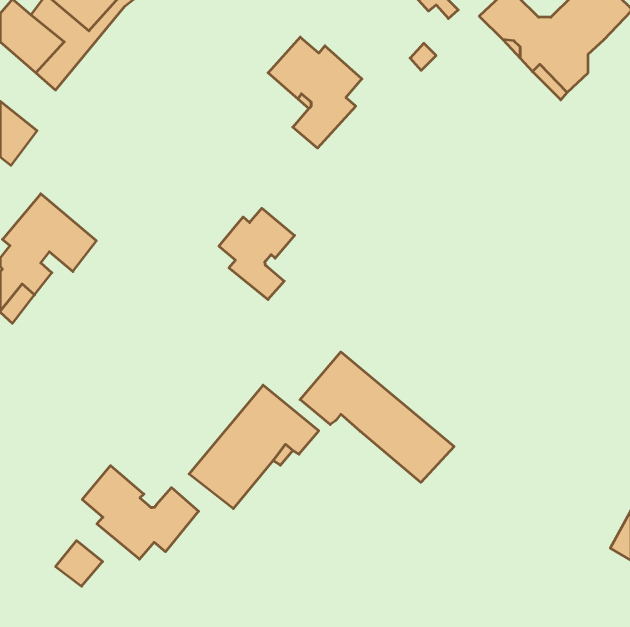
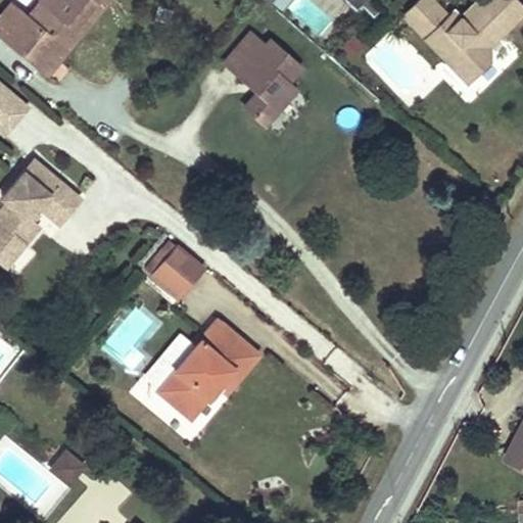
building: [219,208,295,300] -> none
building: none -> [150,246,202,298]
building: [300,352,454,482] -> none
building: [82,466,199,559] -> none

